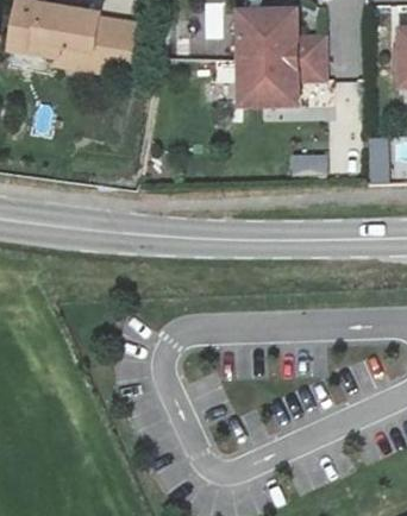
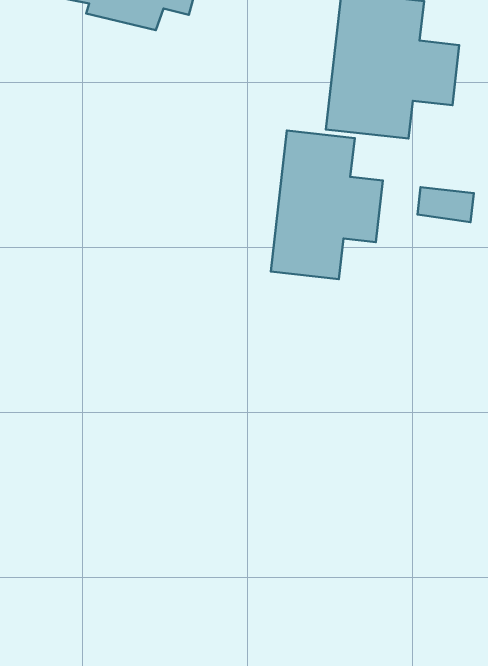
building: none -> [271,131,383,279]

